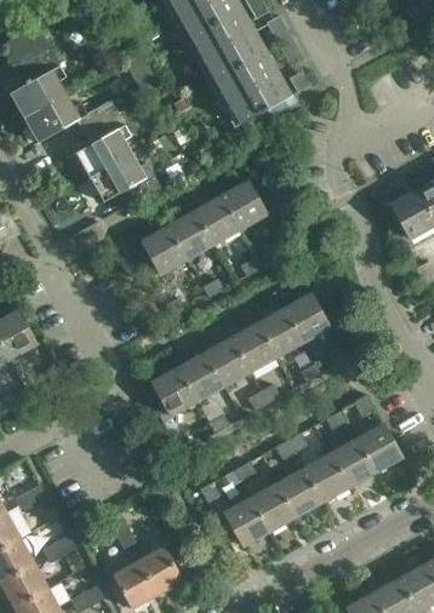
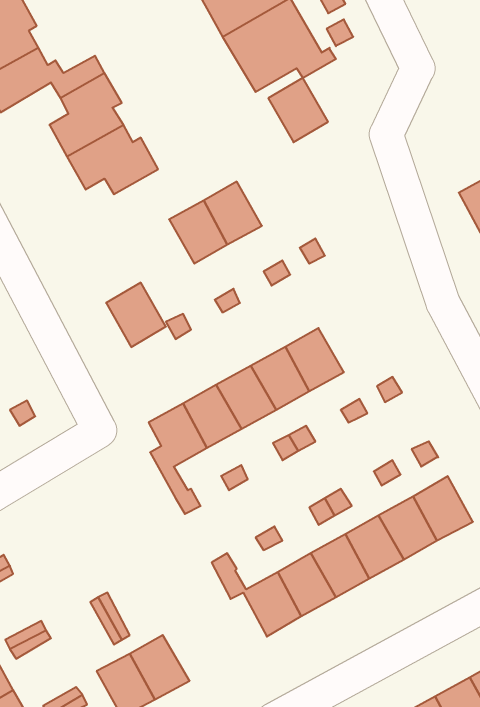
building: [221,181,267,230] -> [268,78,328,142]
building: [142,225,188,275] -> [106,283,166,347]
building: [284,293,330,343] -> none

